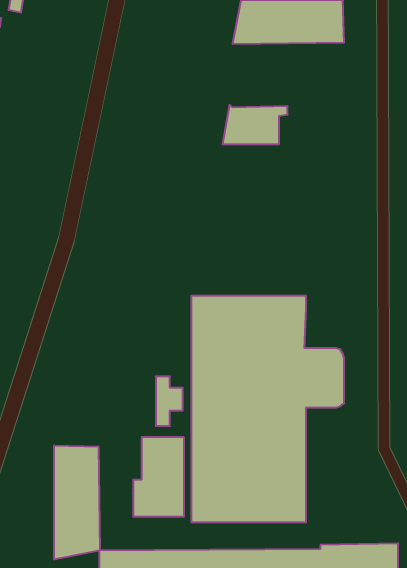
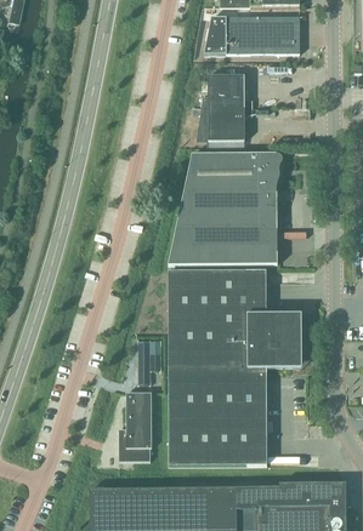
building: none -> [202,75,251,109]
building: none -> [169,153,283,264]
building: [54,445,100,560] -> none

